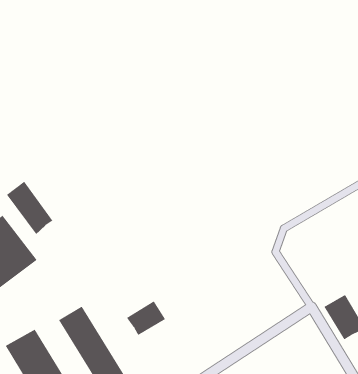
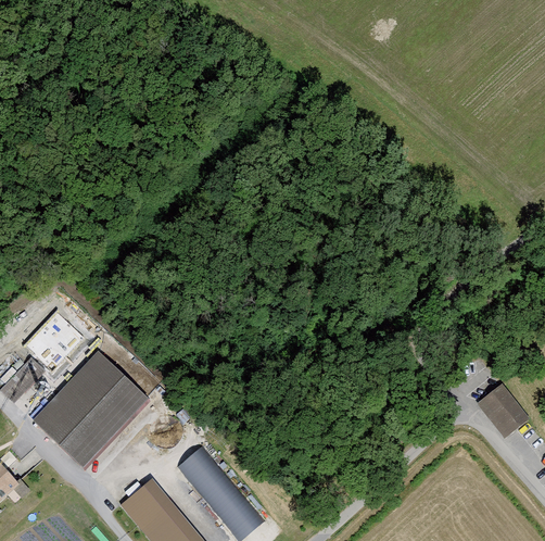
building: [6,181,53,235] -> none
building: [126,300,166,336] -> none

